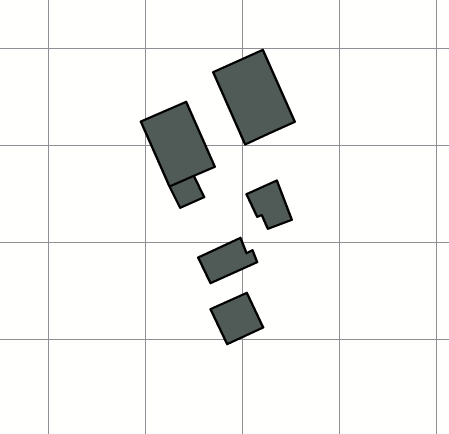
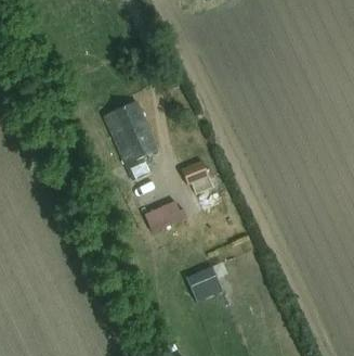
building: [213,50,295,144] -> none
building: [210,293,263,344] -> [185,265,223,302]

